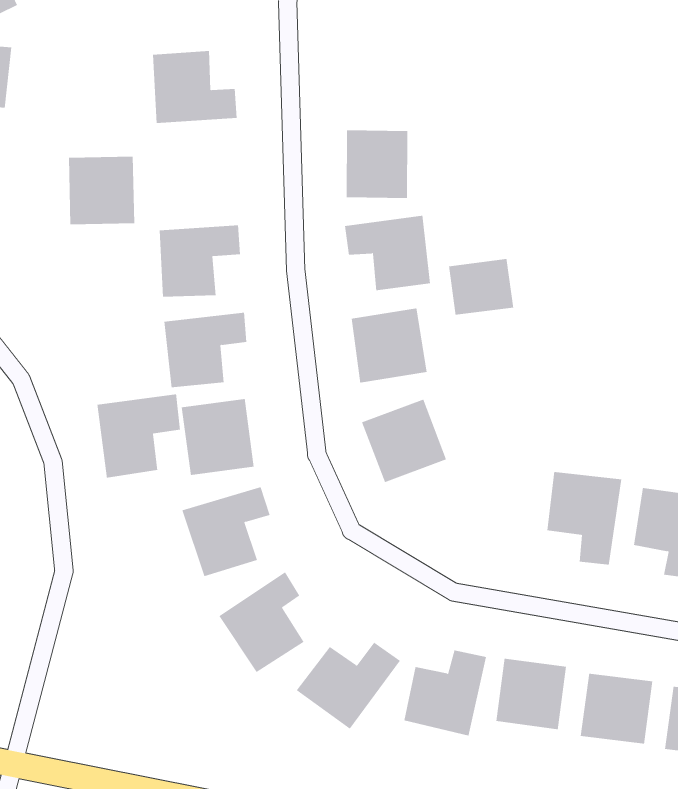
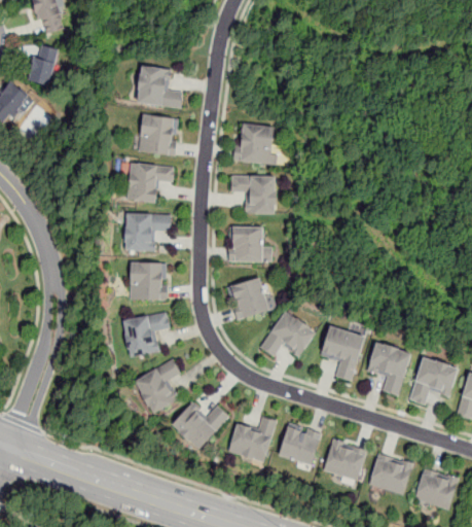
building: [68,156,135,225] -> [136,115,176,156]
building: [448,258,514,316] -> none
building: [97,394,180,479] -> none
building: none -> [259,309,317,358]

